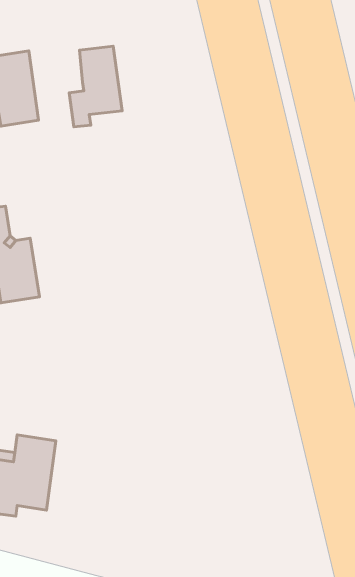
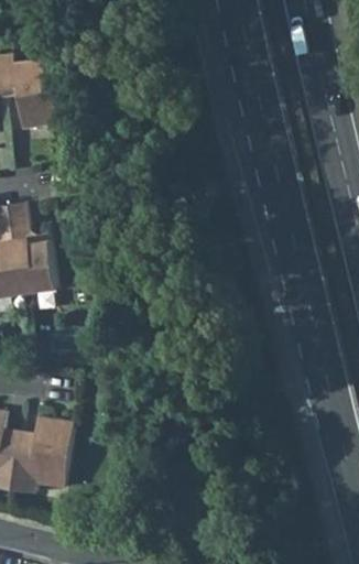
building: [69,46,122,127] -> none

